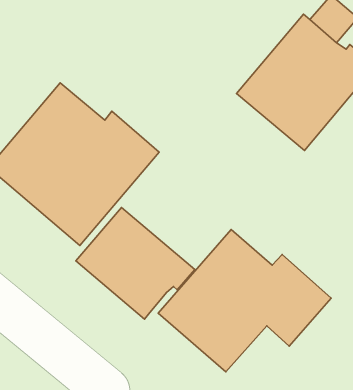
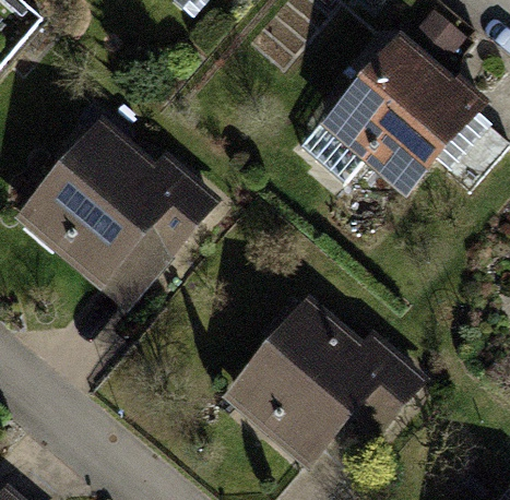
building: [76,207,195,319] -> none

